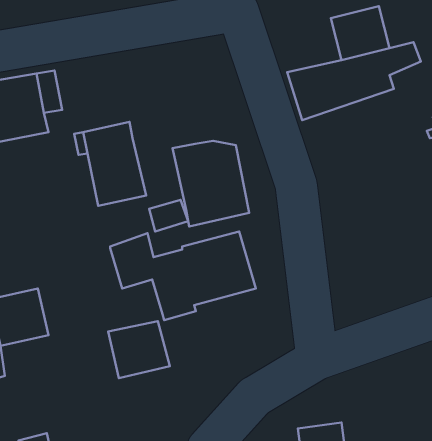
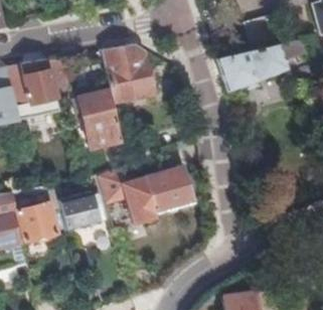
building: [173,141,249,226] -> [102,45,153,103]
building: [108,321,170,378] -> [59,193,101,231]

